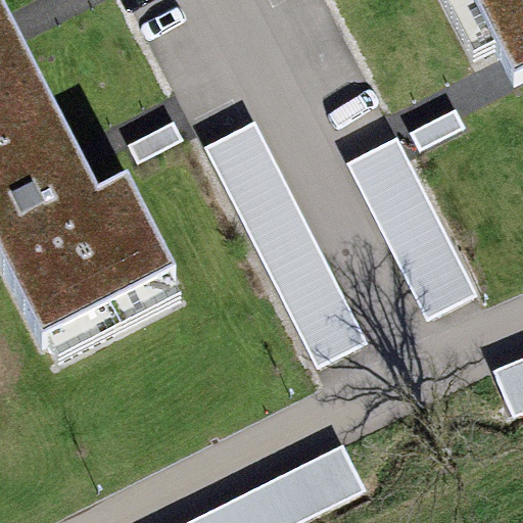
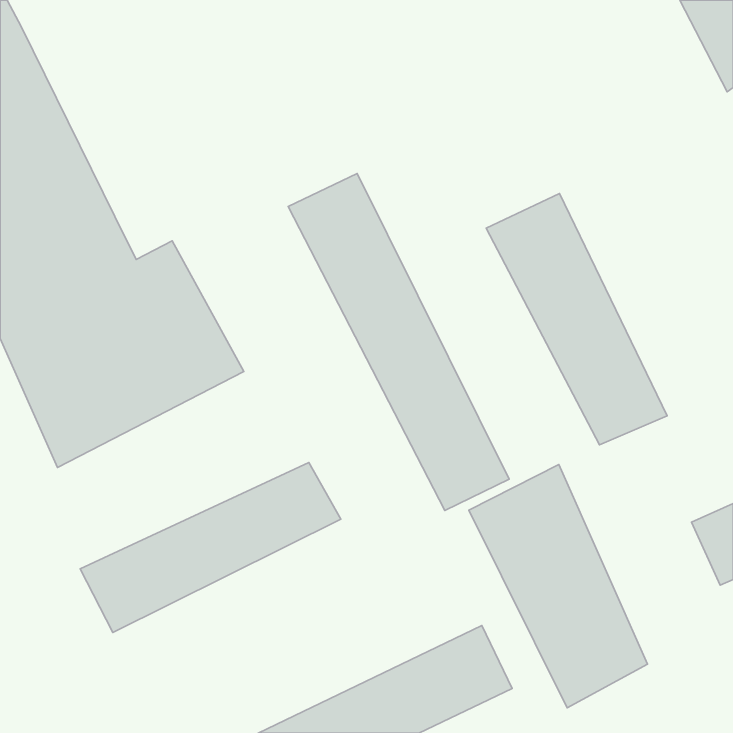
building: none -> [80,463,341,633]
building: none -> [469,464,648,708]

